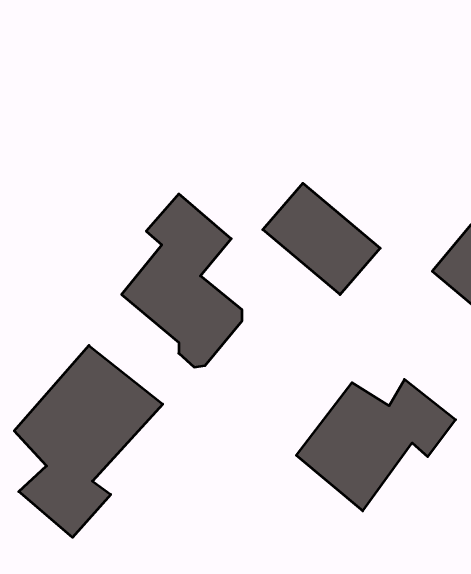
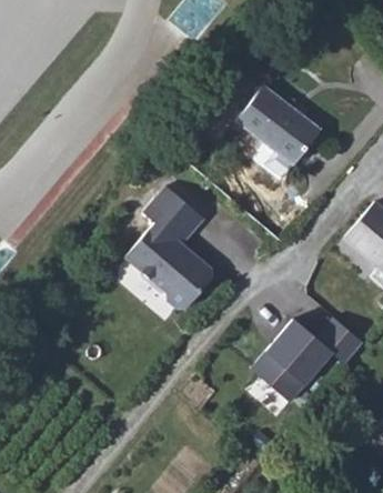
building: [263,183,380,295] -> [240,100,324,180]
building: [14,345,163,537] -> none

